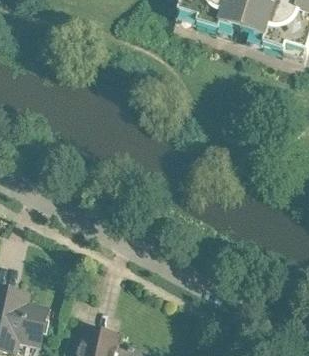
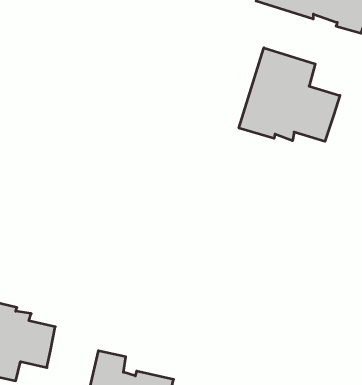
building: none -> [239,48,340,141]

